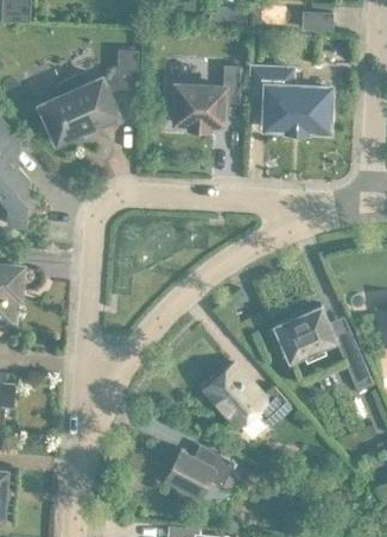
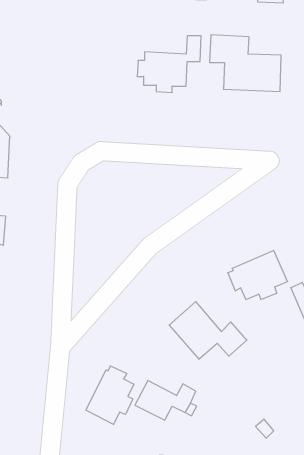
building: [40,51,138,143] -> none
building: none -> [86,366,134,425]

